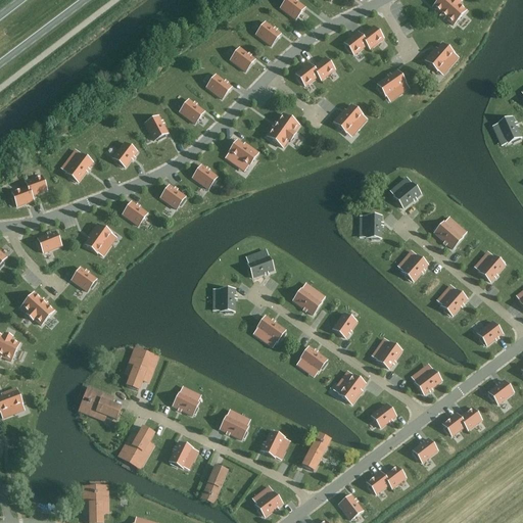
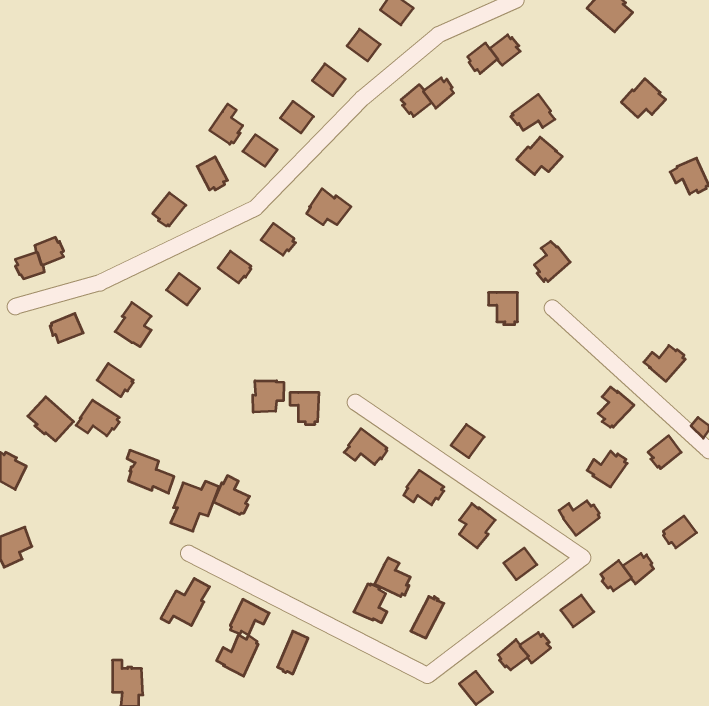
building: [425,42,458,70] -> [621,79,666,117]
building: none -> [210,104,243,144]
building: [333,104,367,132] -> [517,137,562,175]
building: [267,113,298,147] -> none
building: [65,149,92,182] -> none
building: [434,221,466,248] -> none
building: [247,249,273,277] -> none
building: [401,251,427,281] -> none
building: none -> [253,381,284,412]
building: [292,287,324,315] -> none
building: none -> [76,400,119,436]
building: [372,341,401,368] -> [587,451,627,487]
building: [173,386,199,415] -> [213,476,250,514]
building: [86,387,121,419] -> [127,450,174,493]
building: [220,410,246,438] -> [374,558,410,597]
building: none -> [217,635,258,676]
building: [255,486,282,516] -> none

